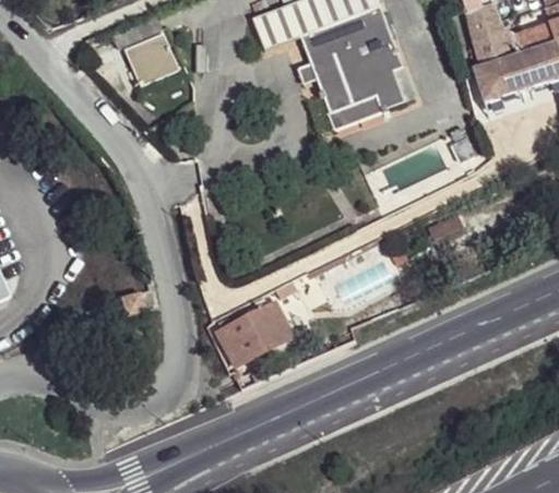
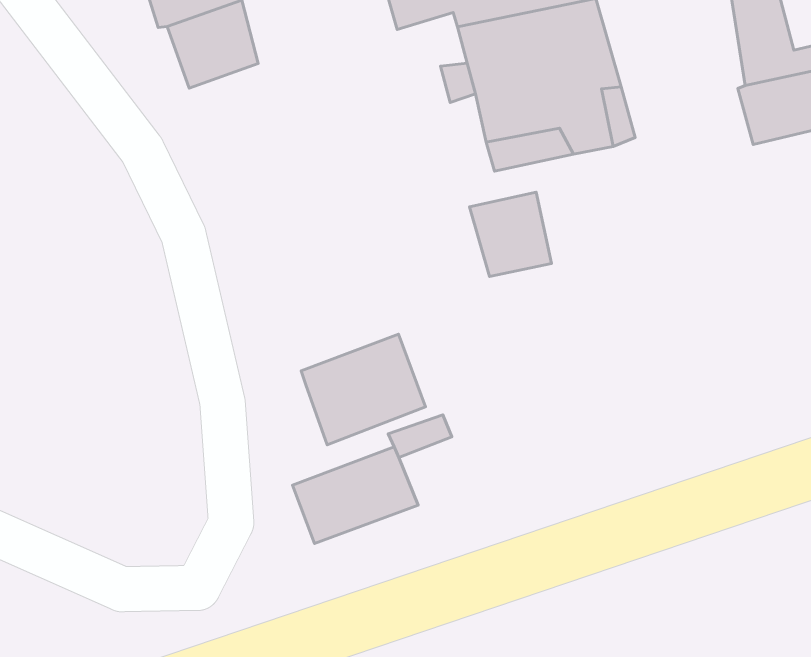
building: none -> [469,192,552,277]
building: none -> [301,334,426,445]

